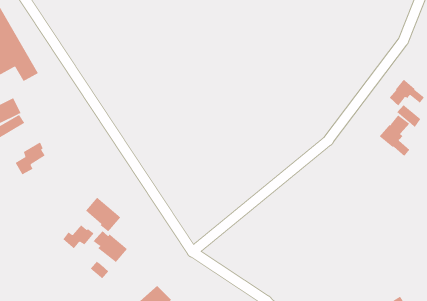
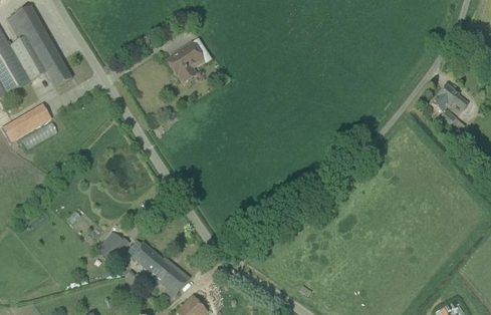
building: none -> [167,41,203,82]
building: [379,115,410,157] -> none
building: [15,141,46,175] -> none
building: [85,197,121,232] -> [152,258,189,294]

